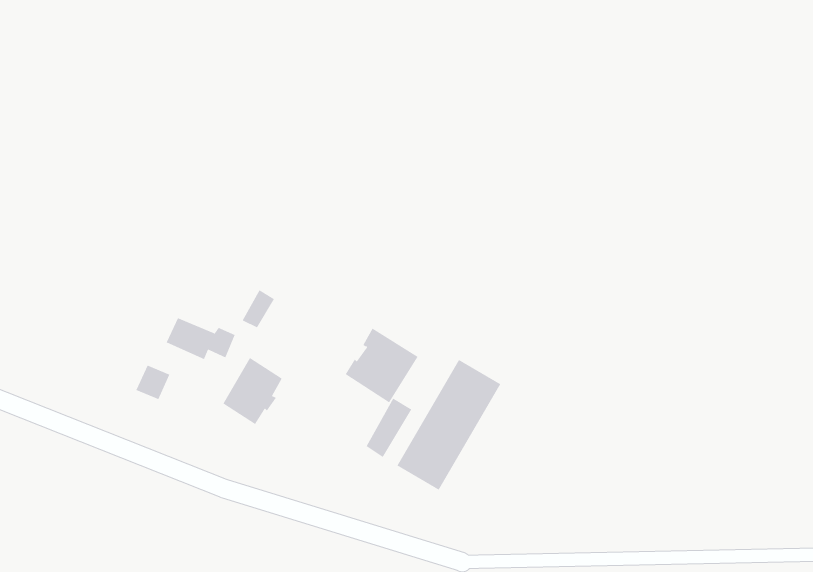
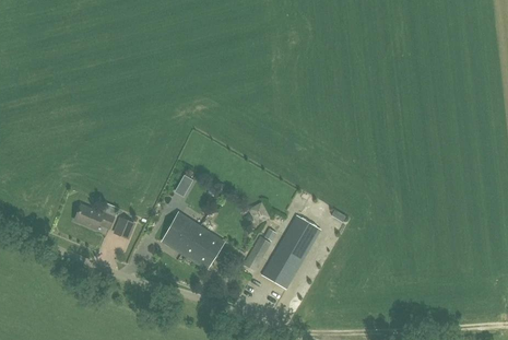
building: [166,317,235,360] -> [74,204,114,228]
building: [345,328,418,403] -> [181,225,223,268]

